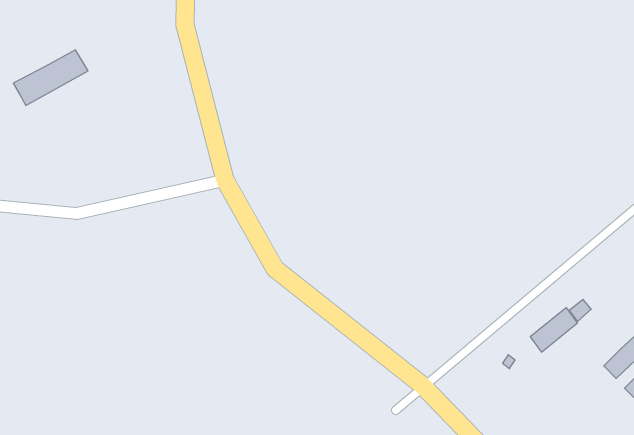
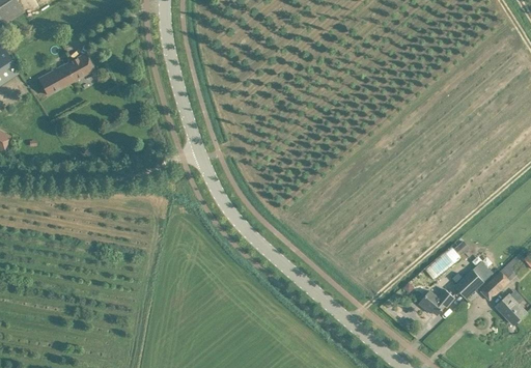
building: none -> [453,270,486,299]
building: none -> [418,288,454,315]

